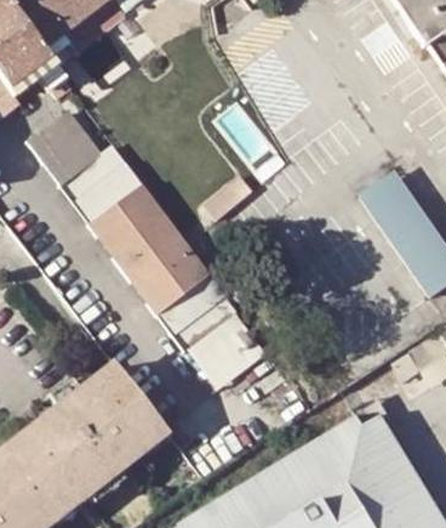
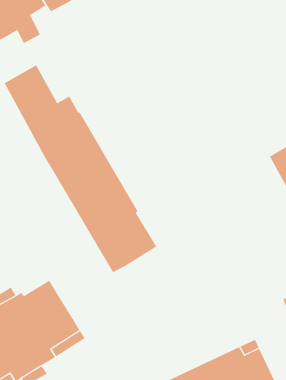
building: [202,312,261,369] -> none

